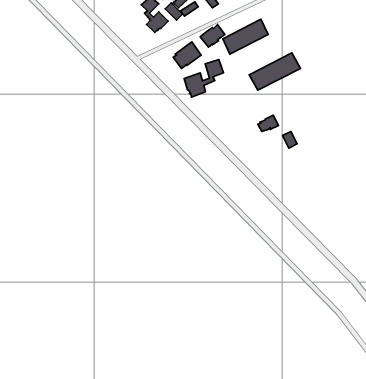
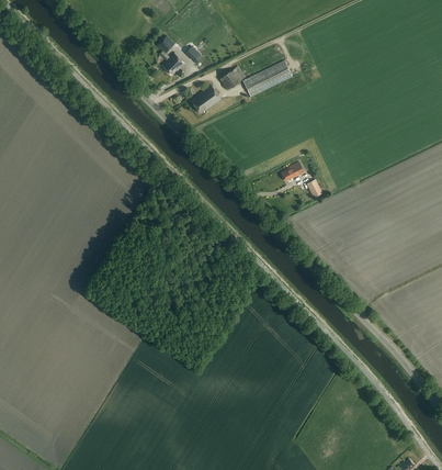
building: [249,53,301,90] -> none
building: [184,60,223,97] -> none

